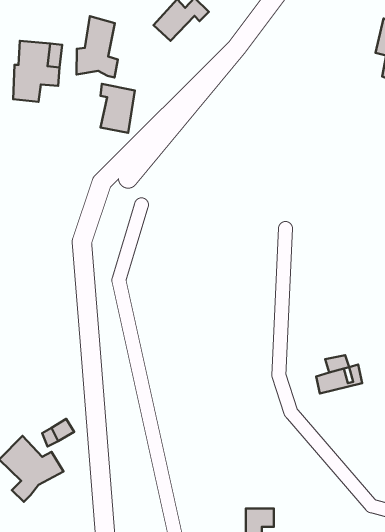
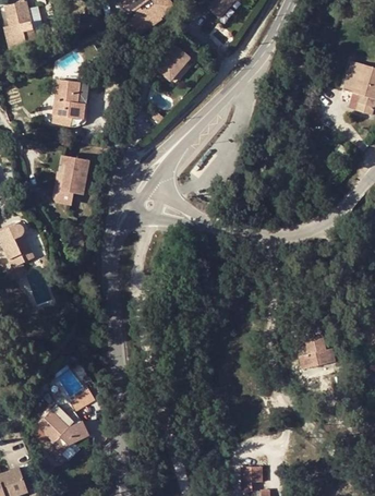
building: [76,16,118,78] -> none
building: [100,84,135,133] -> [59,153,87,193]

